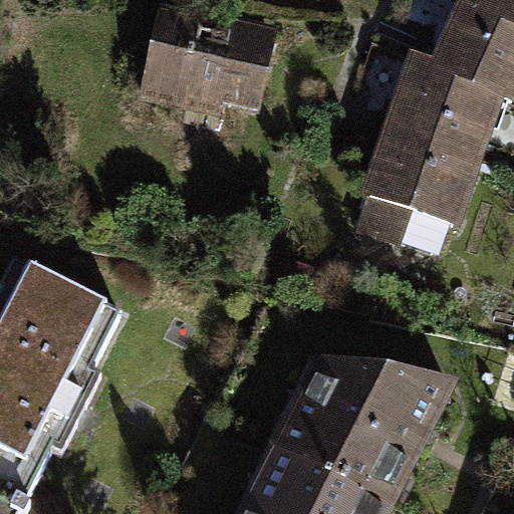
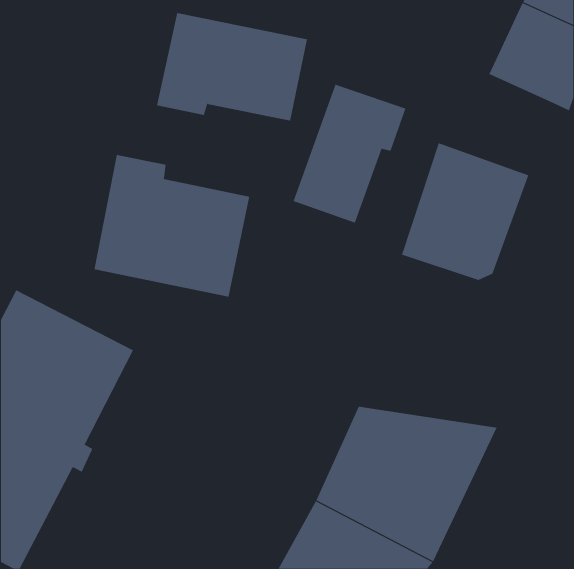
building: [392,57,494,157] -> none
building: none -> [293,84,406,224]
building: none -> [94,154,250,297]

